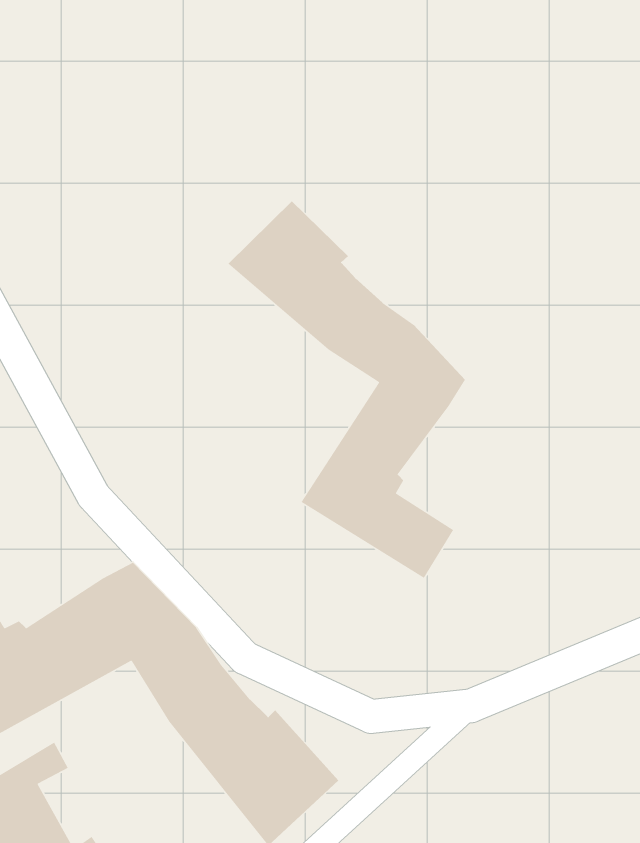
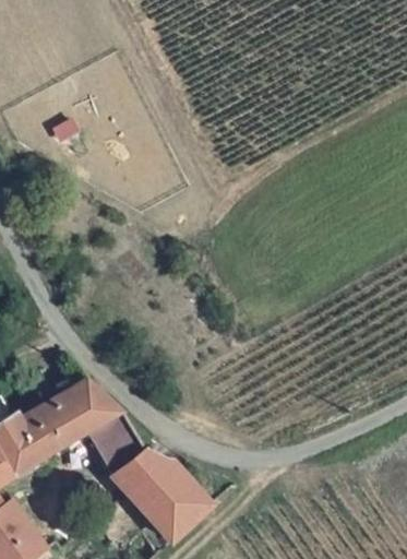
building: [228,200,466,579] -> none

